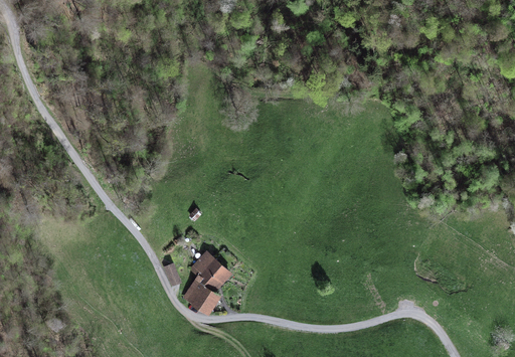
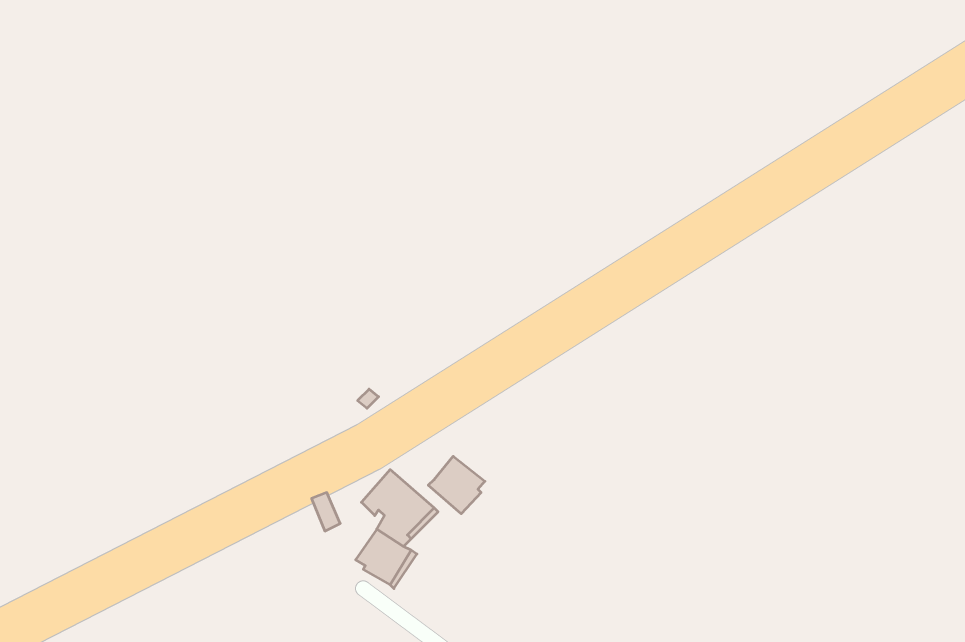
building: none -> [428,456,485,514]

